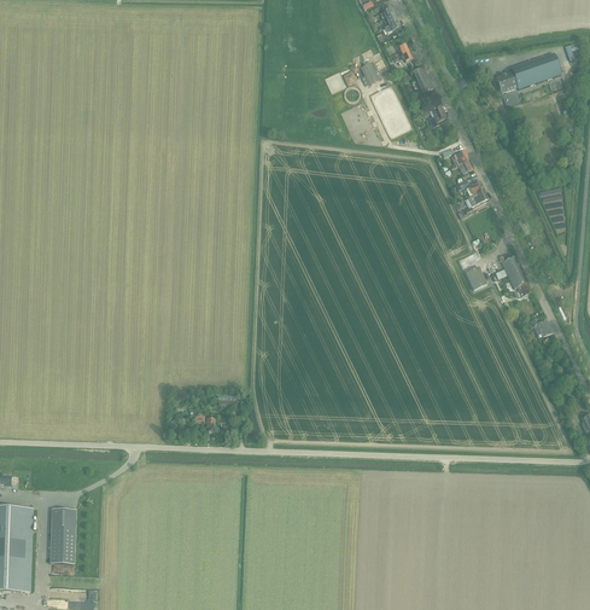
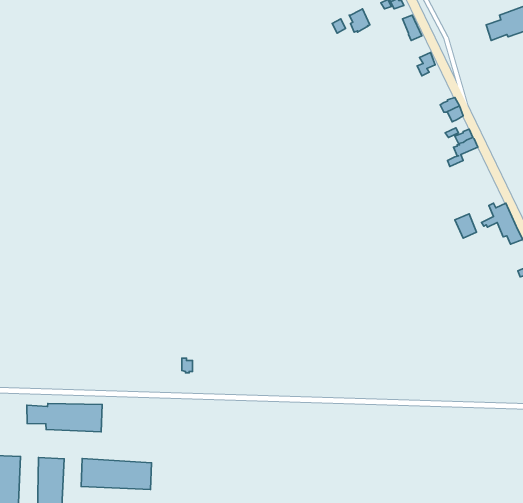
building: none -> [27,403,102,432]
building: none -> [81,458,151,489]

